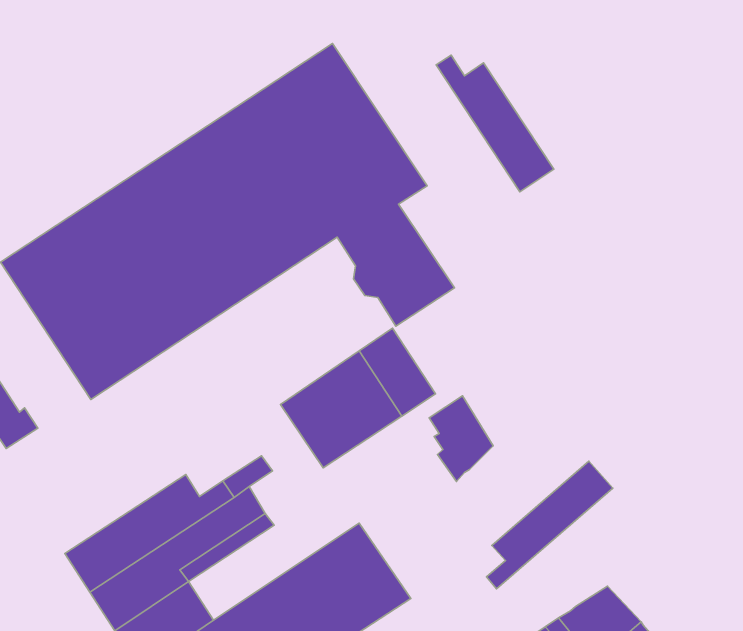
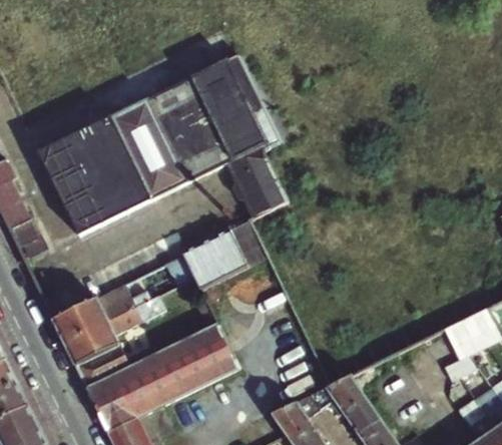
building: [436,55,554,192] -> none
building: [429,396,493,481] -> none
building: [486,461,613,589] -> none

